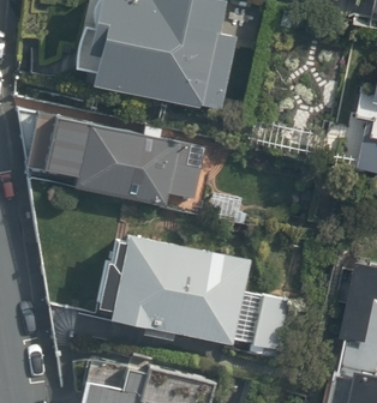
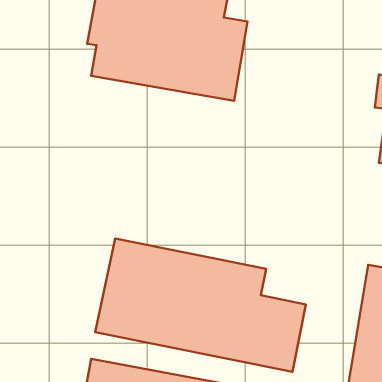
building: [46,115,199,210] -> none

